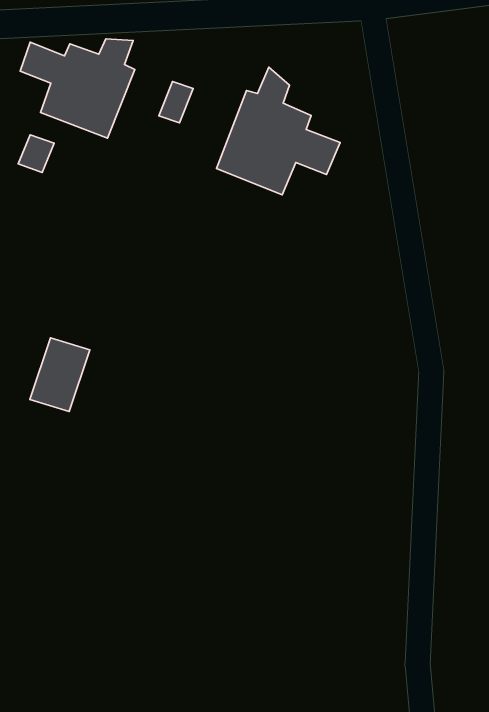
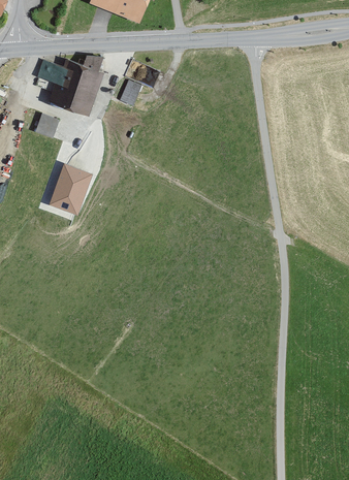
building: [216,67,340,195] -> none
building: [30,338,90,411] -> [52,163,88,207]

